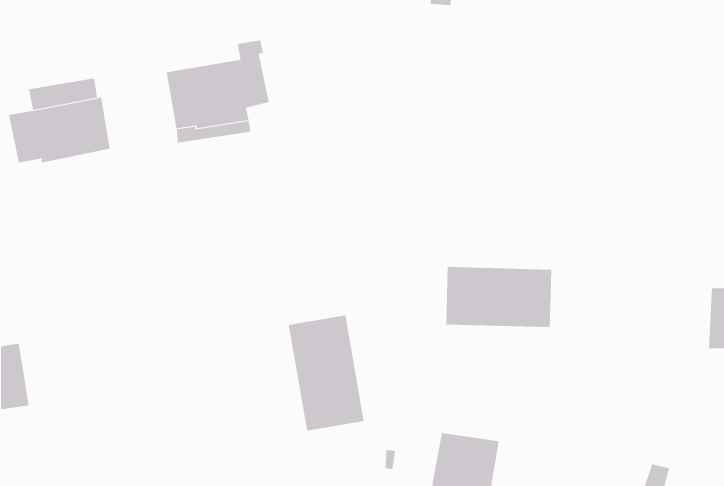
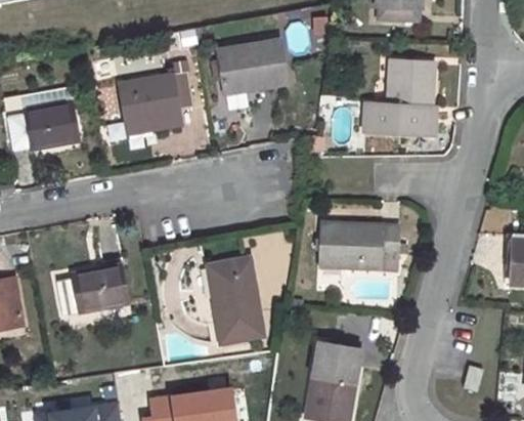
building: none -> [218,41,287,93]
building: none -> [365,60,434,135]
building: none -> [57,264,129,314]

